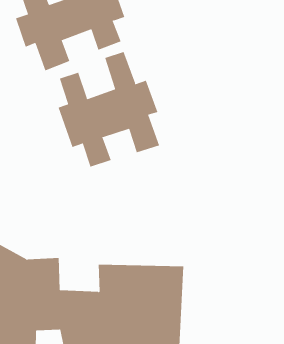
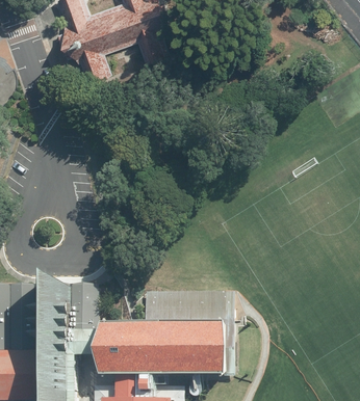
building: [58,51,160,167] -> none

